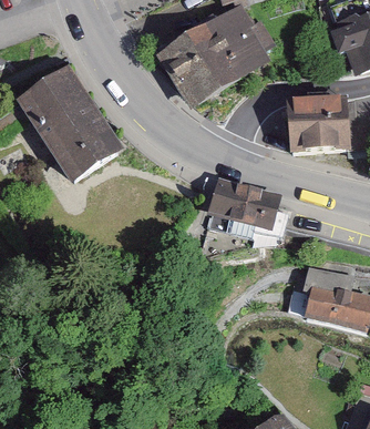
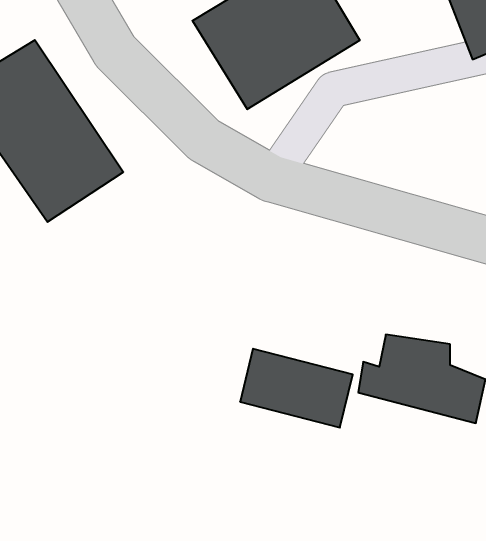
building: [287,100,360,152] -> none
building: [203,188,280,243] -> [240,349,353,428]

